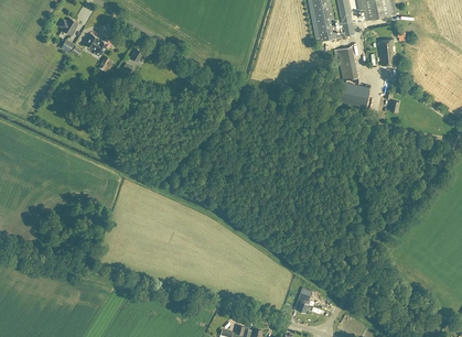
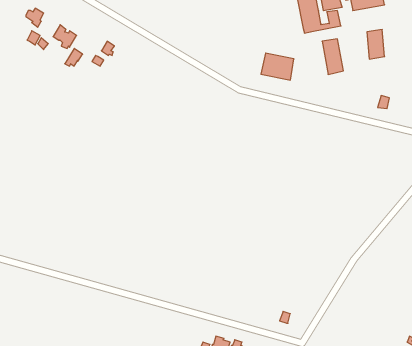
building: [336,80,367,106] -> [261,53,294,80]

